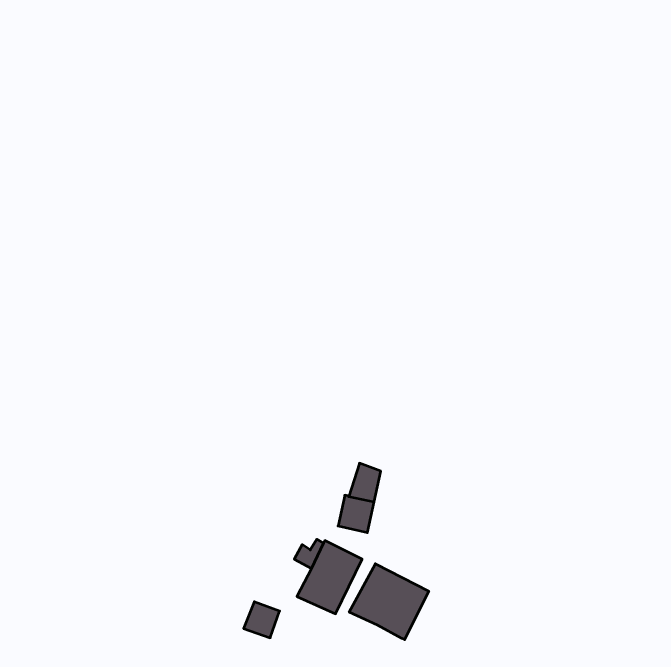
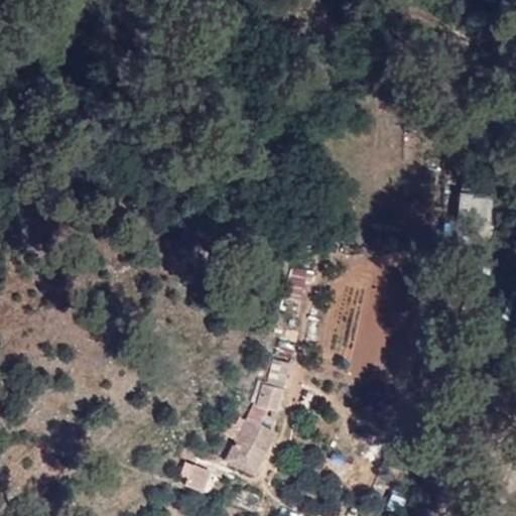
building: [349,564,429,640] -> none

